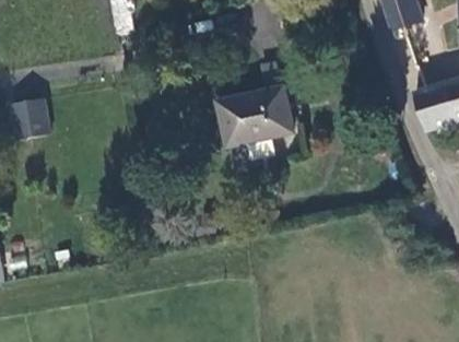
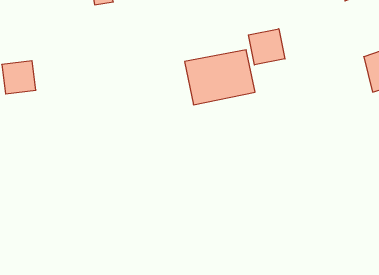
building: none -> [248,29,285,65]

